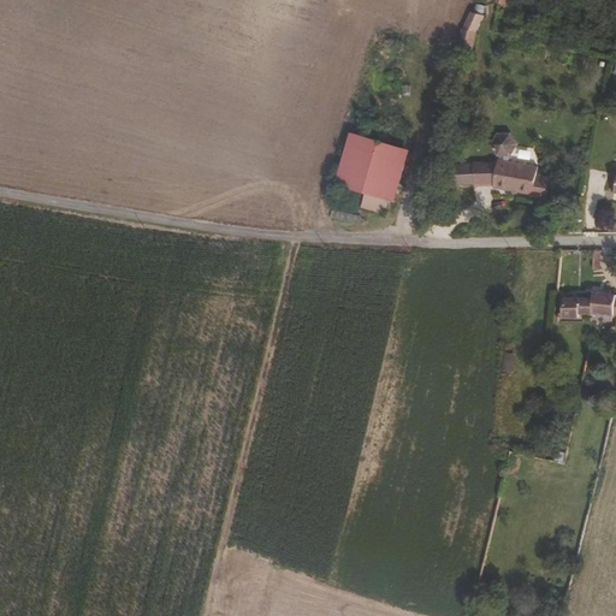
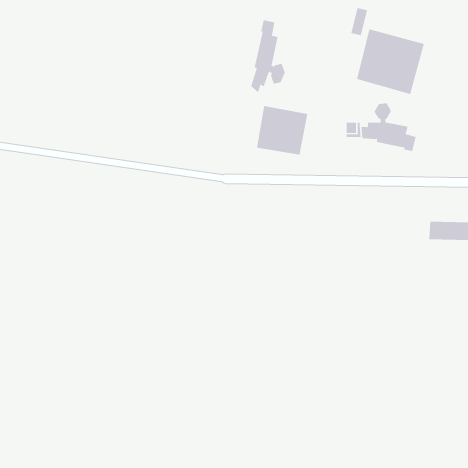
building: none -> [250,20,285,93]
building: none -> [357,29,425,95]

